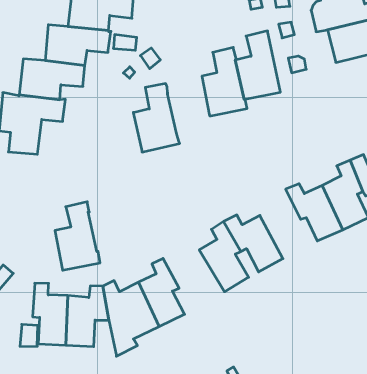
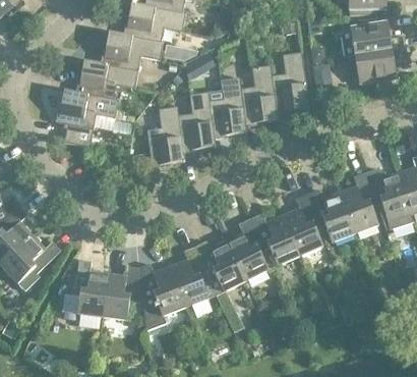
building: none -> [208,76,246,137]
building: none -> [282,194,322,255]
building: [55,202,100,270] -> [146,106,184,165]
building: none -> [193,240,245,291]

